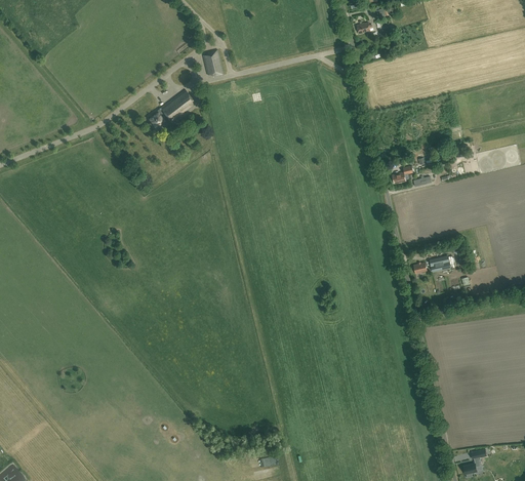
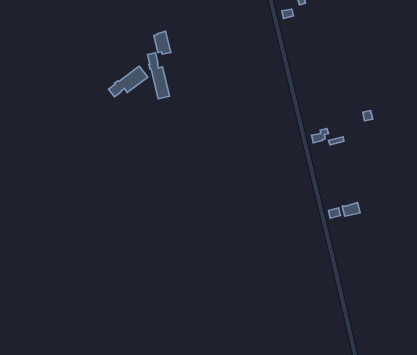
building: none -> [148,53,169,99]

